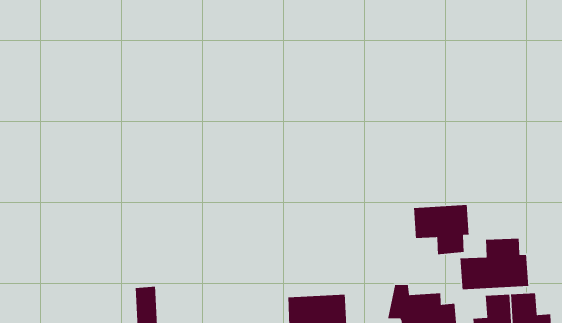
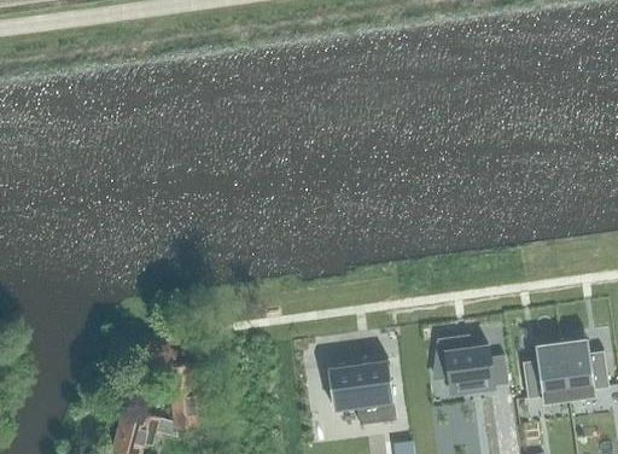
building: [413,204,470,255] -> none
building: [460,238,529,290] -> none

